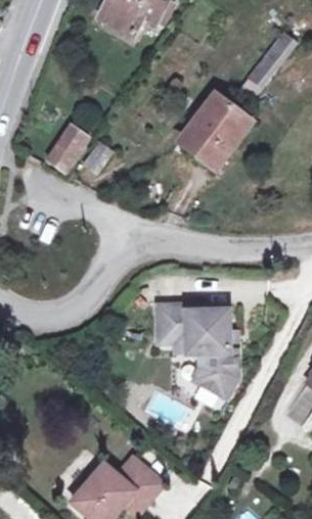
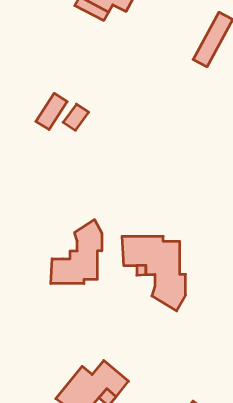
building: [178,96,247,169] -> none
building: none -> [51,220,102,284]

